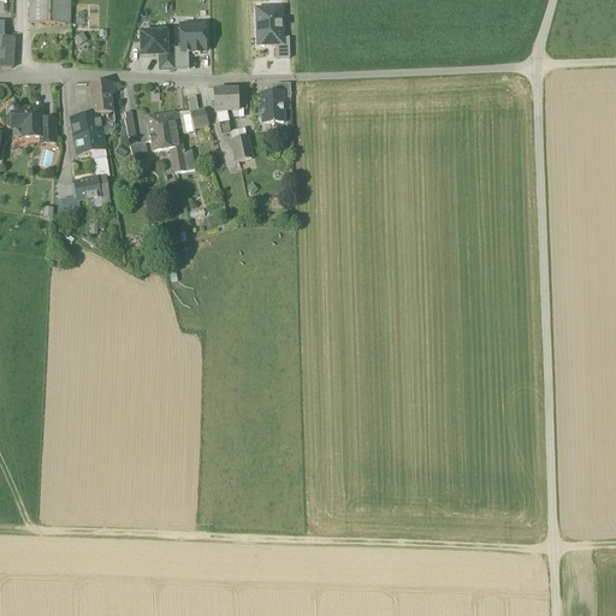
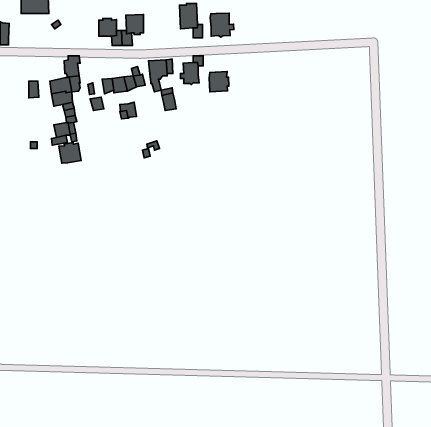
building: none -> [210,13,234,37]
building: [6,101,41,134] -> none
building: none -> [209,72,229,92]
building: [149,129,183,149] -> none
building: none -> [59,142,81,163]

